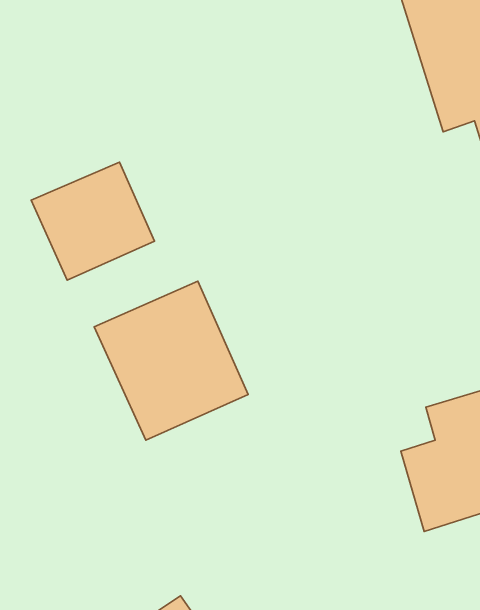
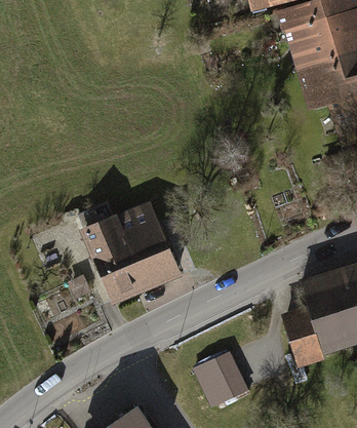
building: [31,162,154,280] -> none
building: none -> [194,351,247,407]

